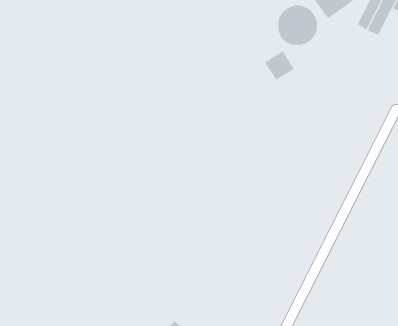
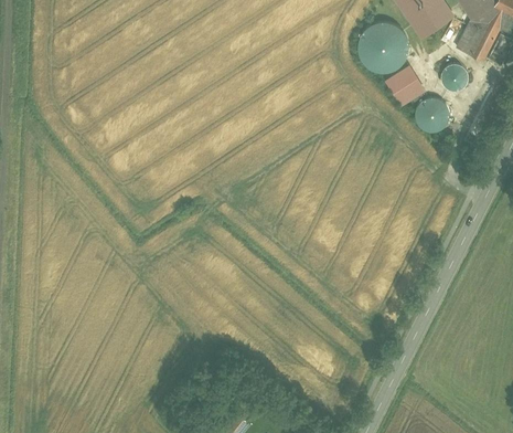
building: none -> [440,63,468,91]
building: [264,51,295,80] -> [385,66,423,103]
building: none -> [414,97,448,131]

